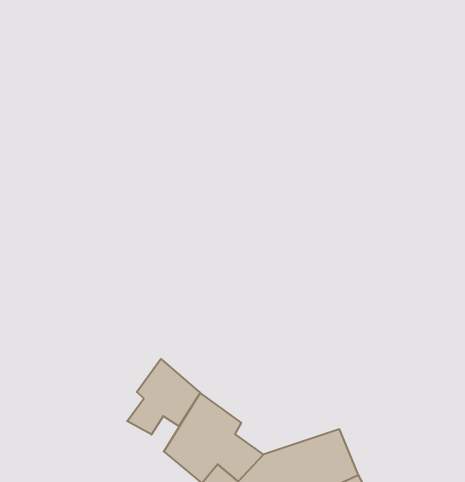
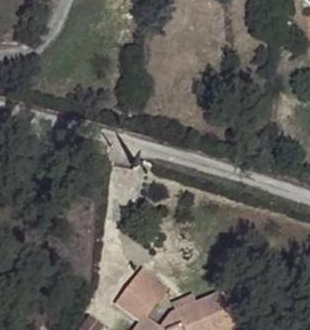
building: [127,359,200,435] -> none

